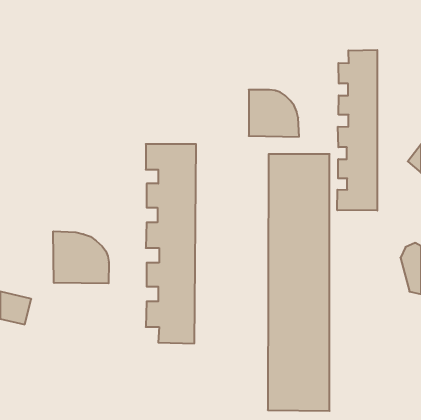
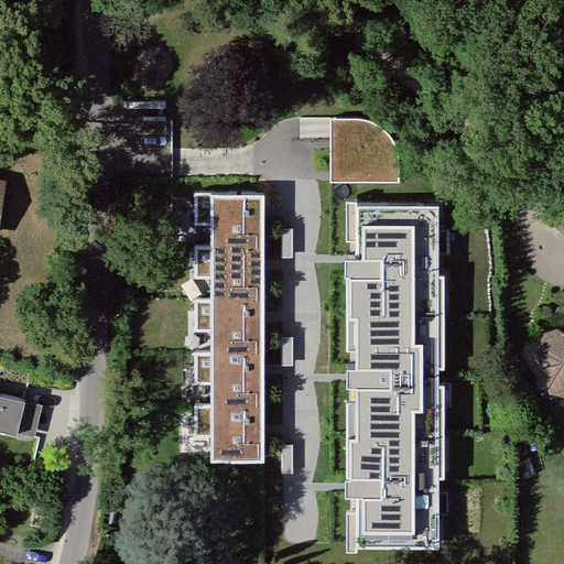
building: [337,50,377,211] -> none
building: [53,231,109,283] -> none

